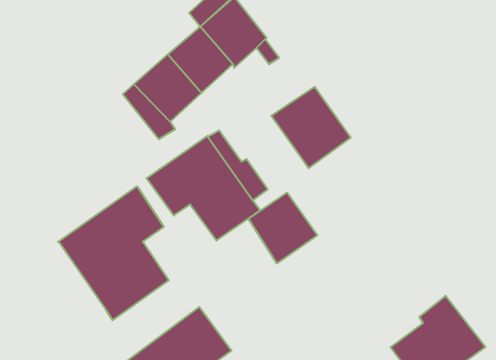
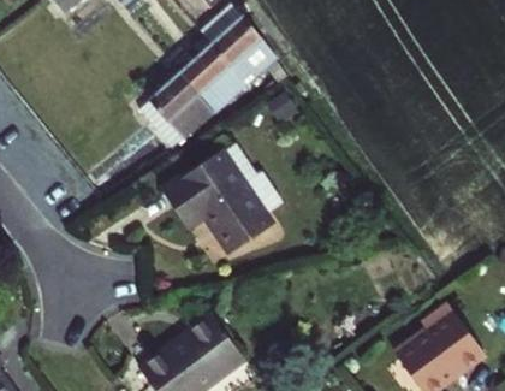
building: [271,87,351,168] -> none
building: [58,186,169,320] -> none
building: [248,193,318,264] -> none

